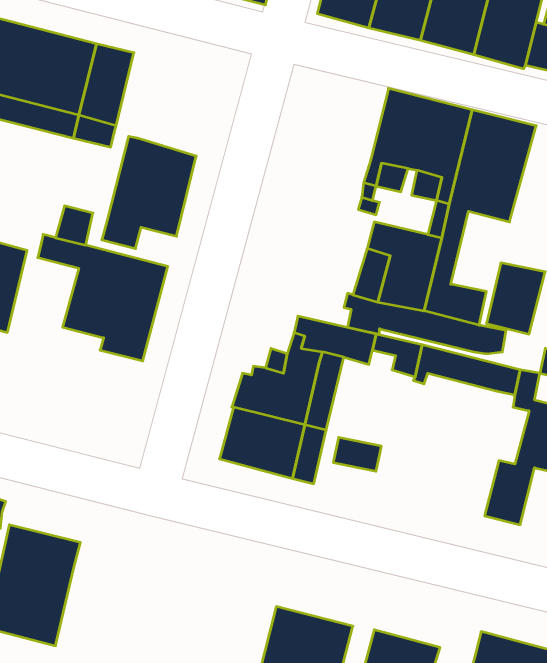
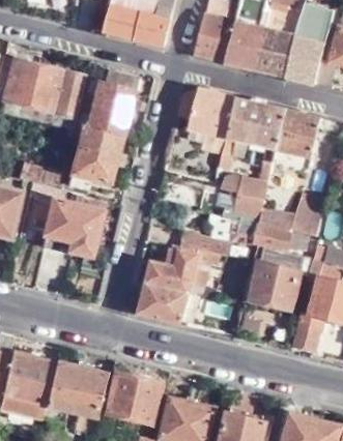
building: none -> [88,70,138,136]
building: none -> [176,87,234,138]
building: none -> [248,262,297,308]
building: none -> [47,361,107,418]
building: none -> [106,373,161,423]

